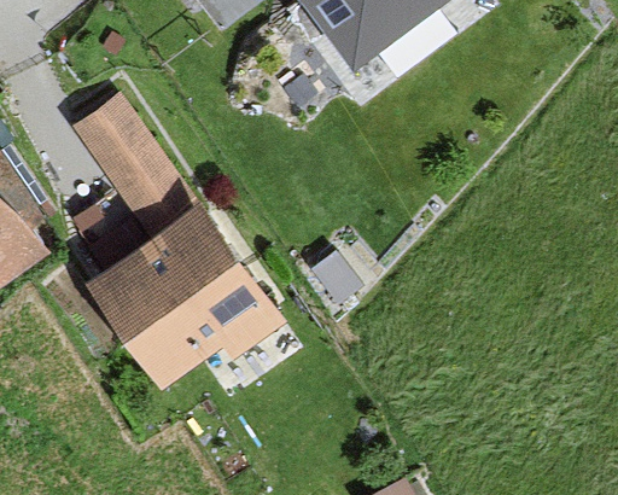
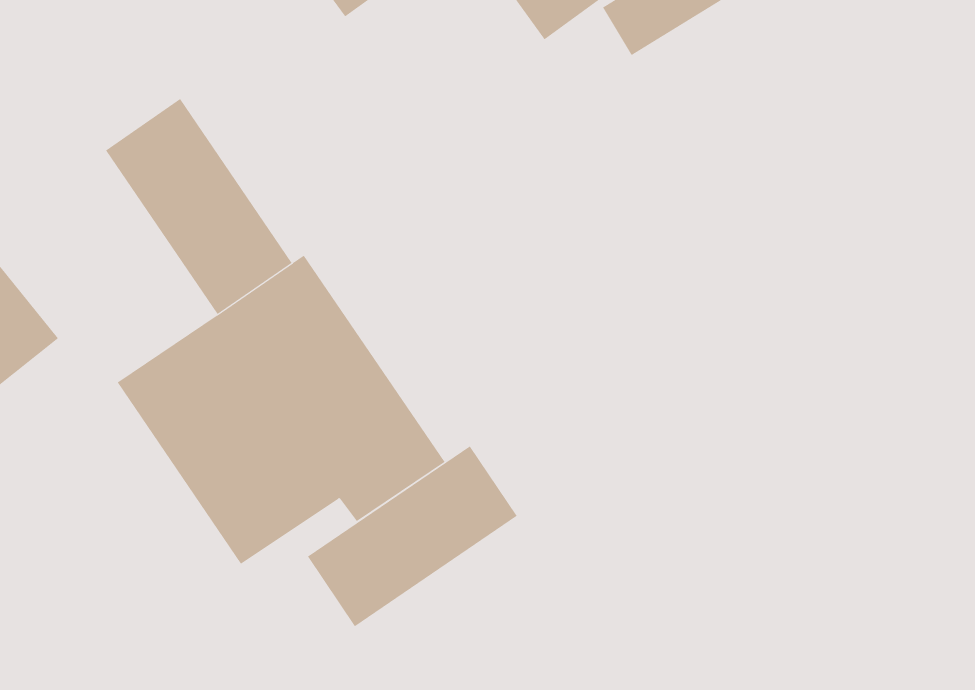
building: none -> [307,445,517,627]

